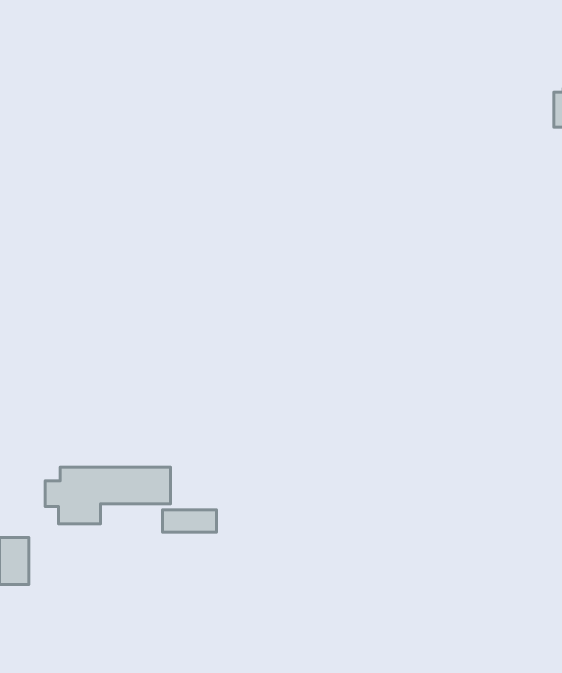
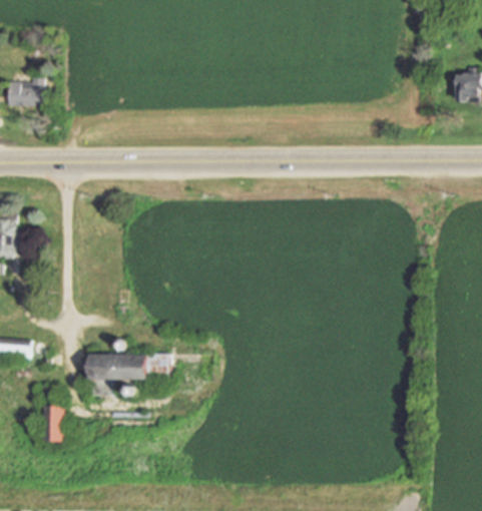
building: [163,510,217,532] -> none

